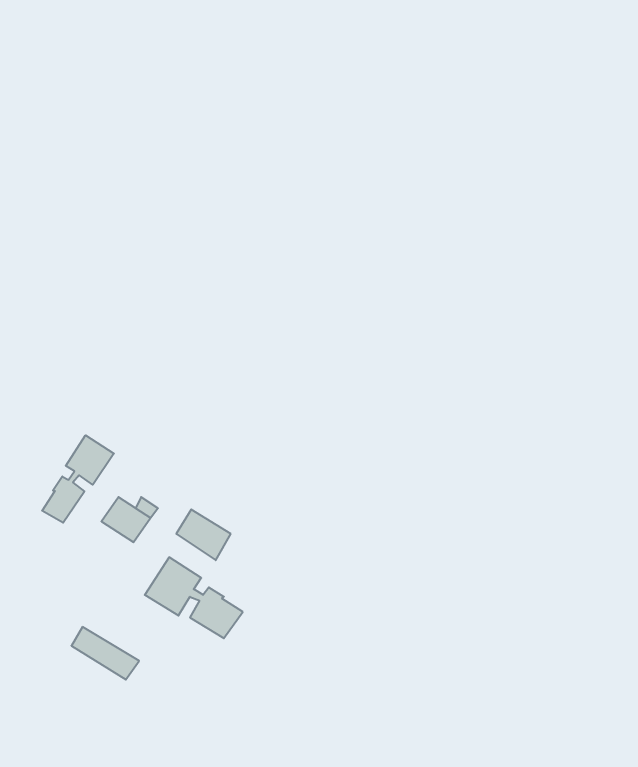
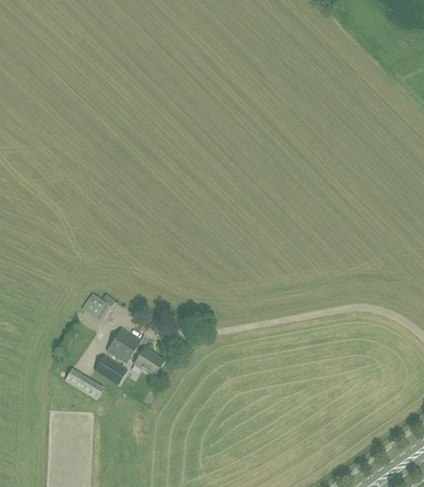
building: [42,435,114,523] -> none
building: [176,509,231,560] -> [95,354,127,383]

